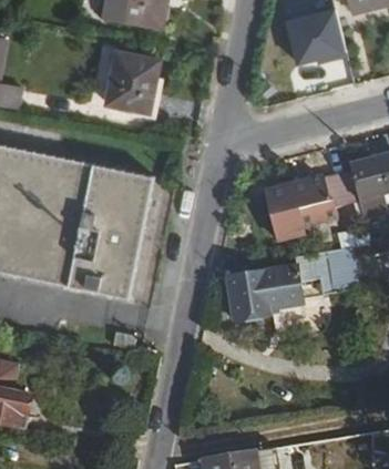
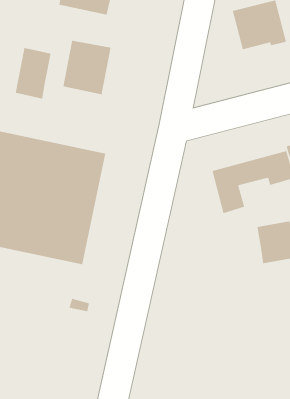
building: none -> [15,47,52,99]
building: [231,255,320,319] -> none

